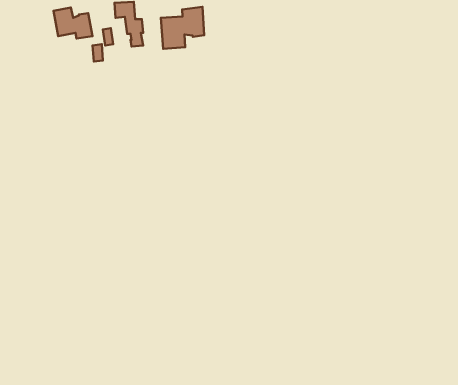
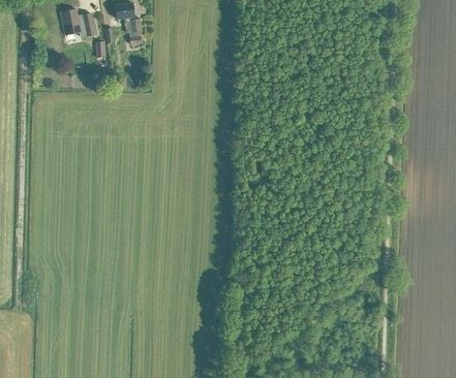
building: [161,7,204,49] -> none

